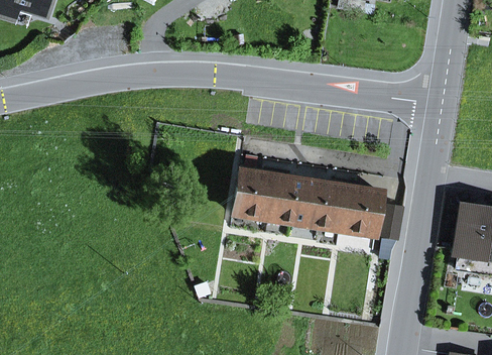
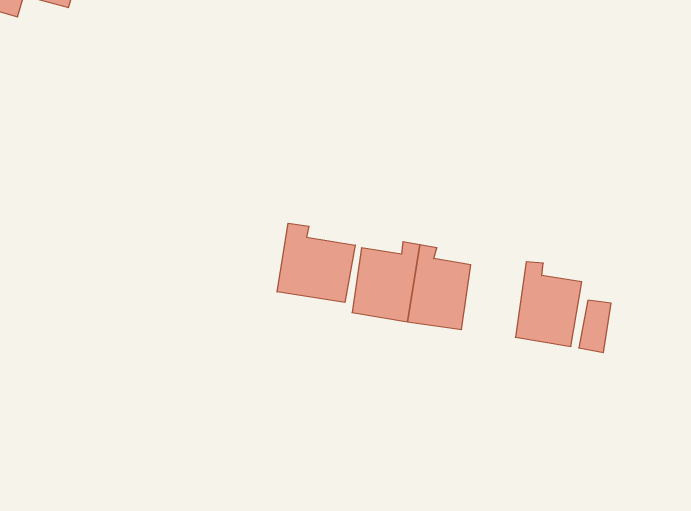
building: none -> [277,223,355,302]
building: [303,178,346,229] -> none

